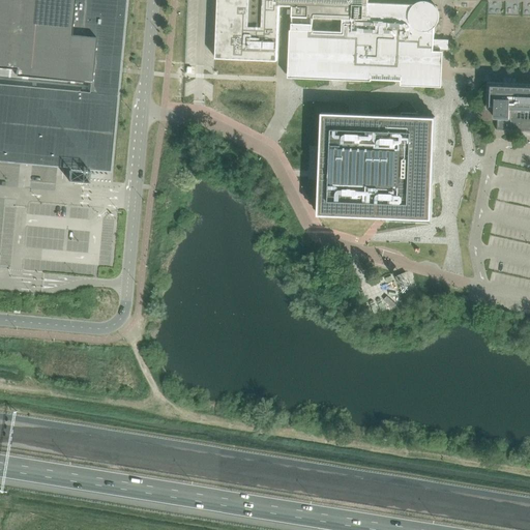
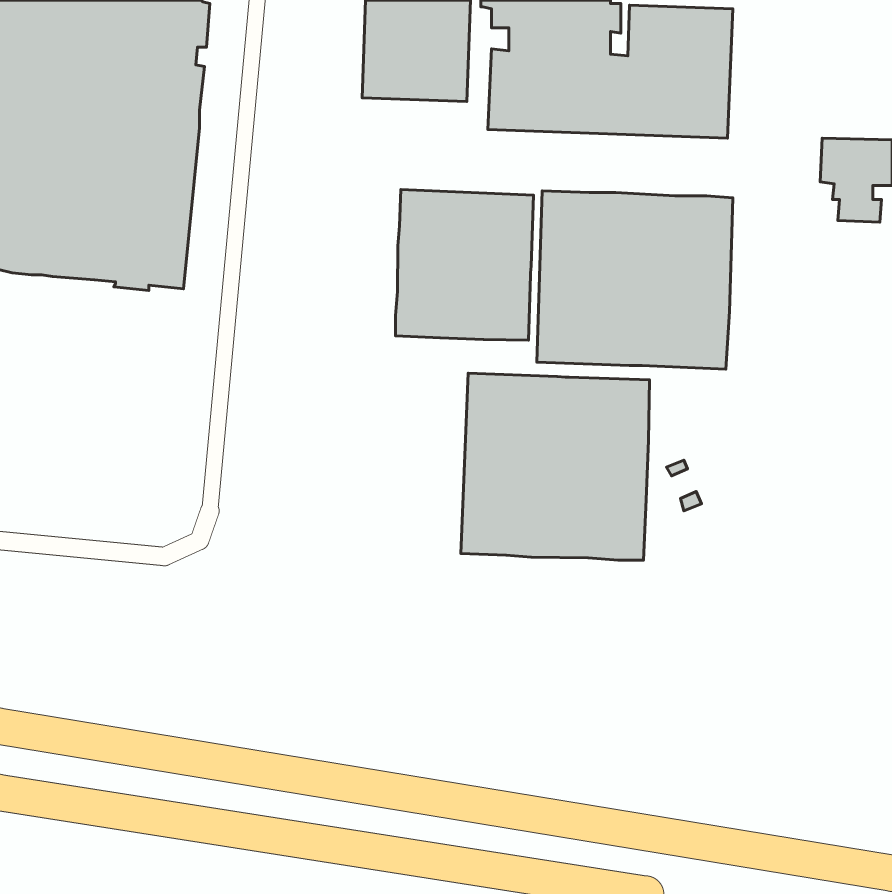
building: none -> [395,189,534,340]
building: none -> [461,373,649,560]

